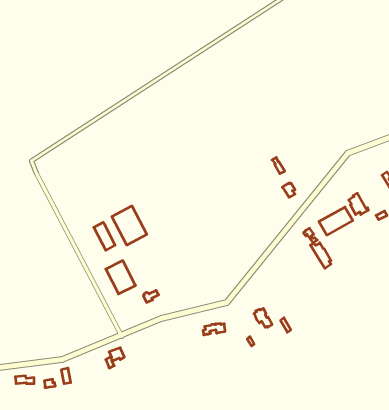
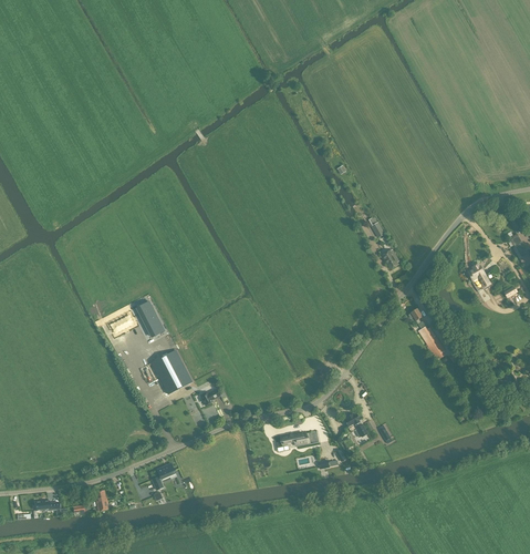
building: [112,206,147,245] -> none
building: [319,207,353,235] -> none

